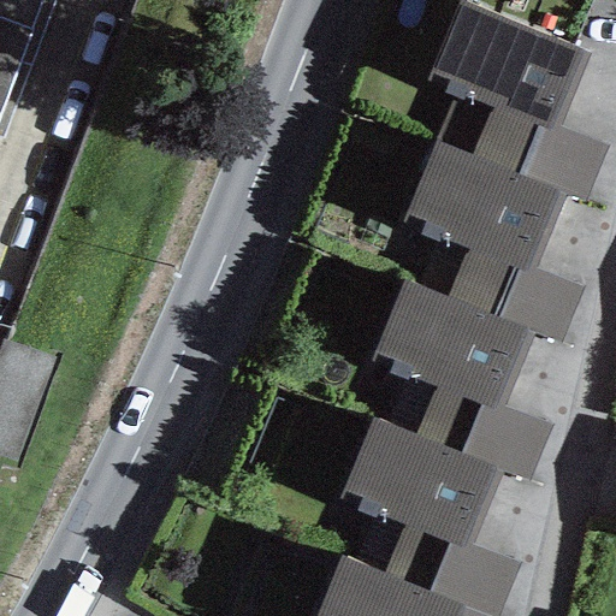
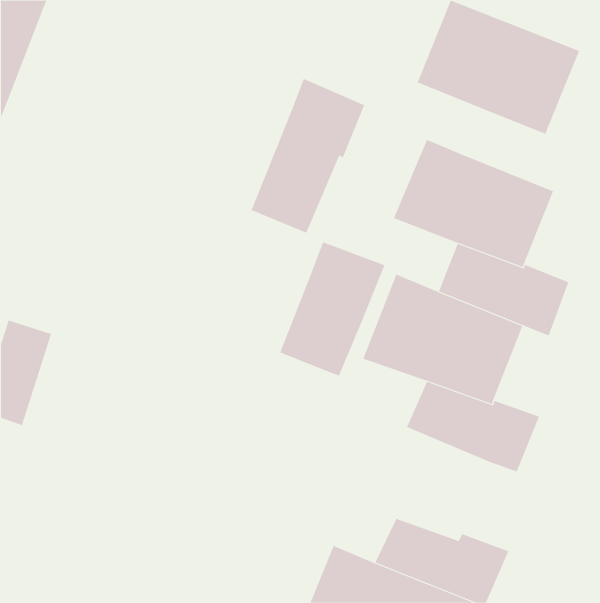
building: none -> [251,78,365,233]
building: [475,109,610,203] -> none
building: none -> [279,241,385,377]
building: [340,419,503,551] -> none

